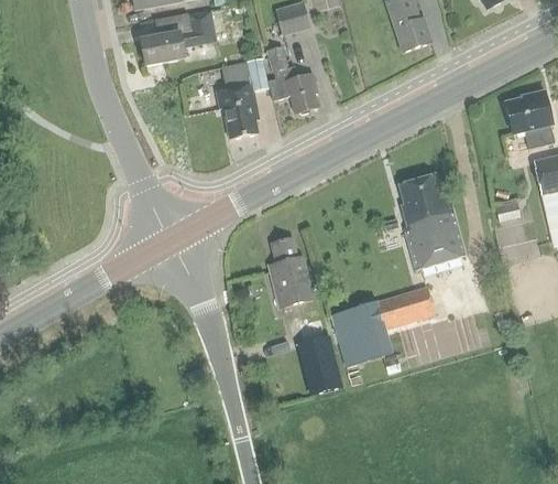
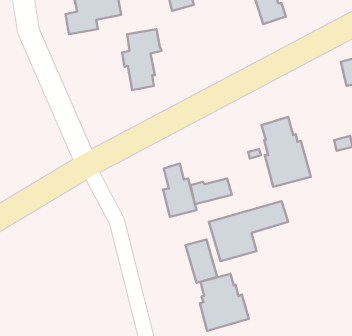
building: [265,45,318,112] -> none
building: none -> [190,178,232,204]
building: none -> [200,274,249,331]

